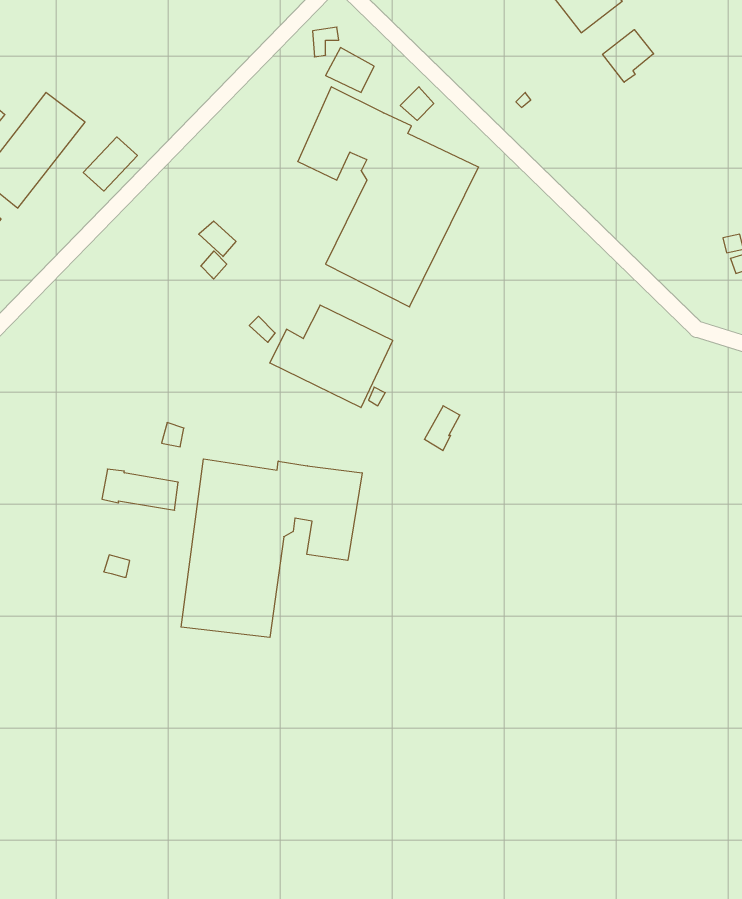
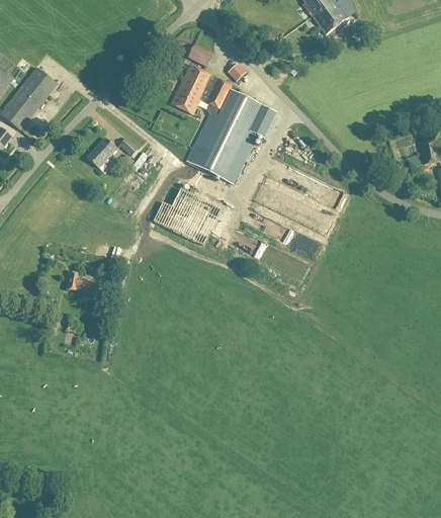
building: [603,30,654,82] -> none
building: [83,137,137,191] -> [86,138,115,167]
building: [181,459,362,637] -> none

